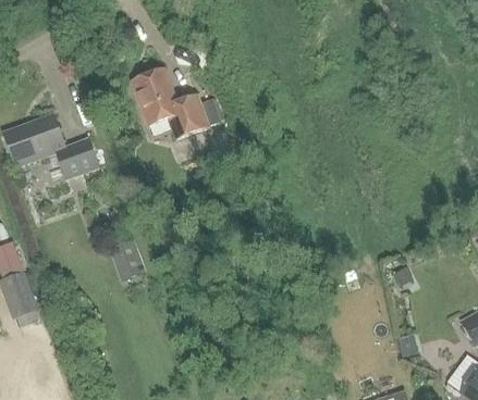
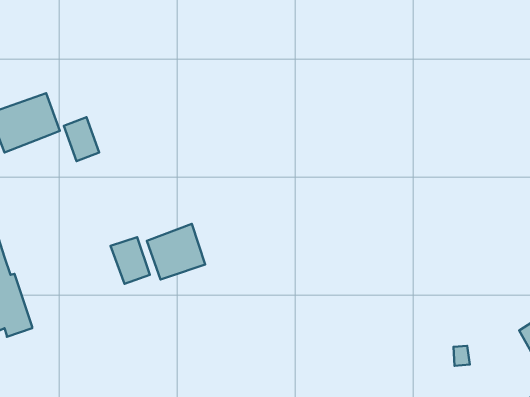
building: [132,67,208,138] -> none
building: none -> [147,224,205,280]

